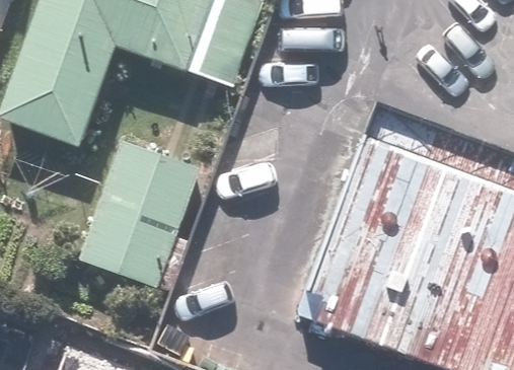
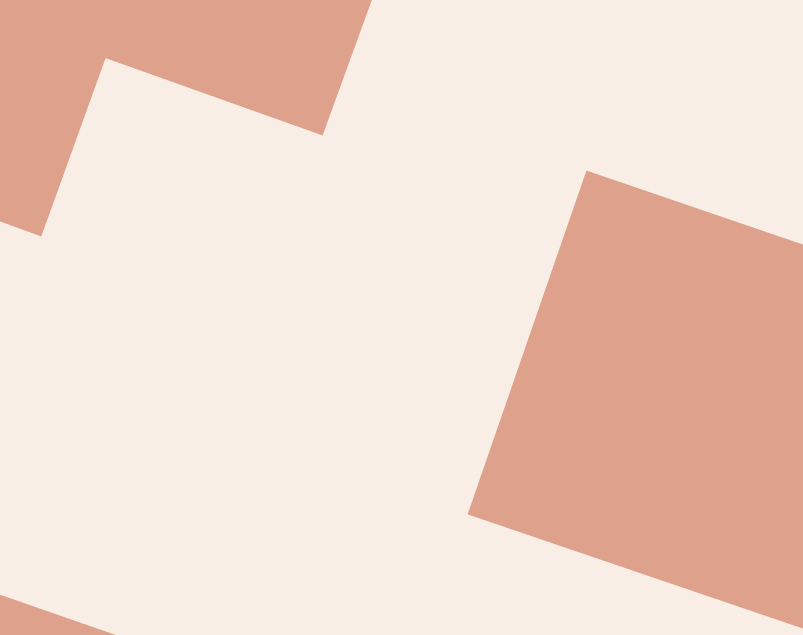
building: [76,144,200,290] -> none

